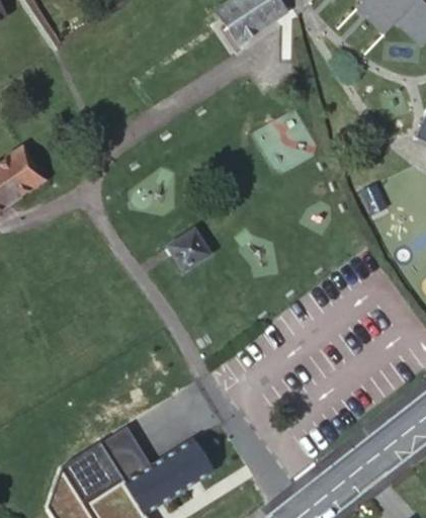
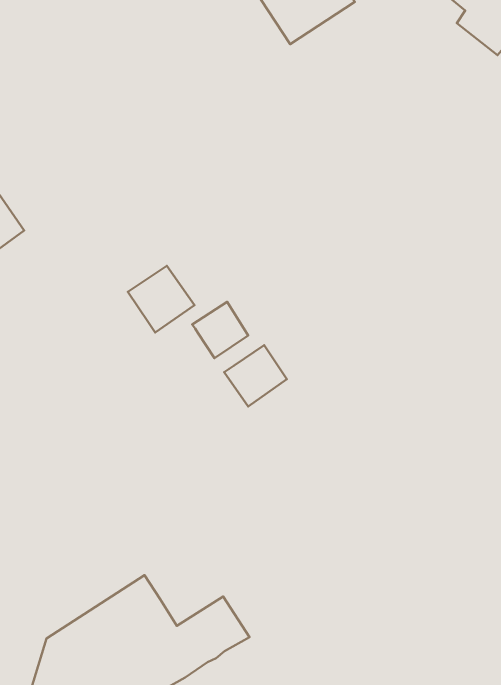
building: none -> [128,266,195,333]
building: none -> [224,345,287,406]

